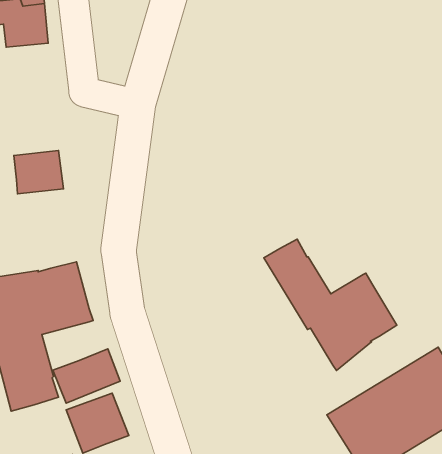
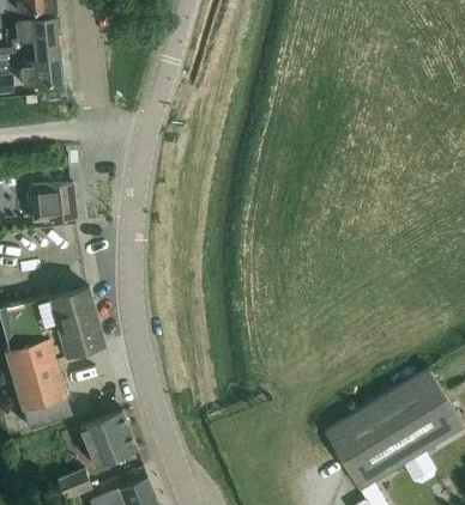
building: [264,239,397,370] -> none
building: [53,349,120,403] -> none

